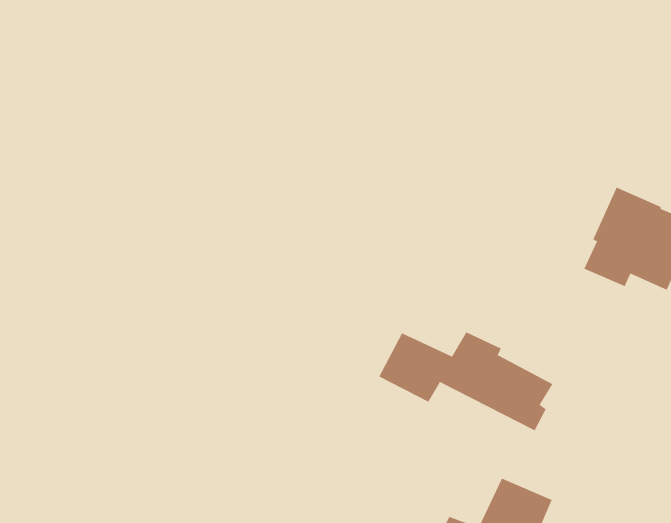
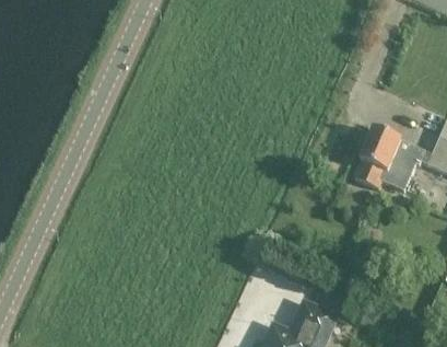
building: [379,332,553,431] -> none

